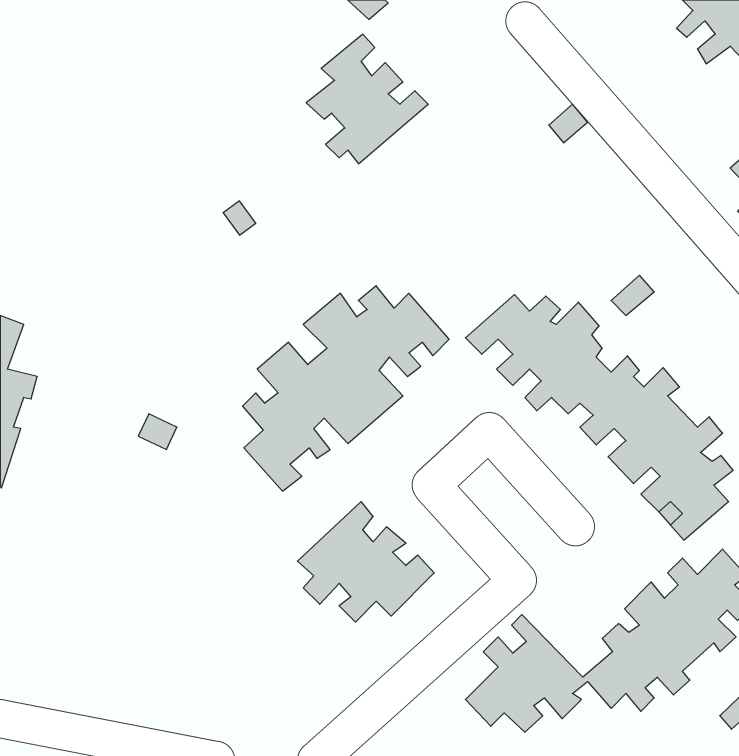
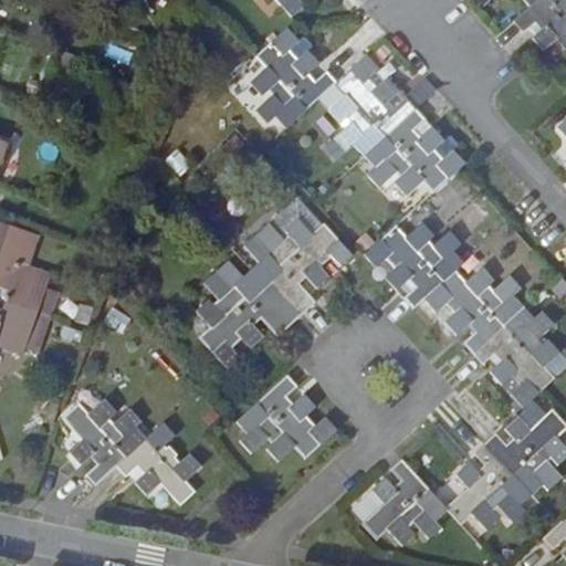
building: none -> [329,51,467,192]
building: none -> [64,396,202,504]

